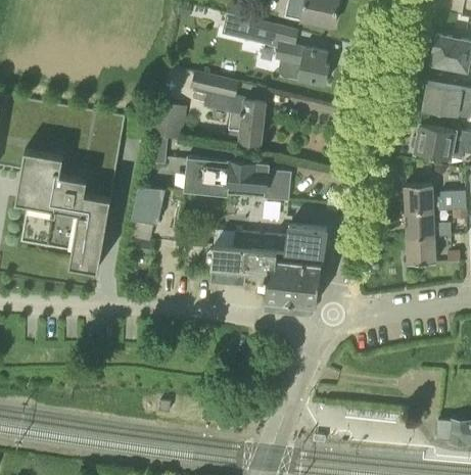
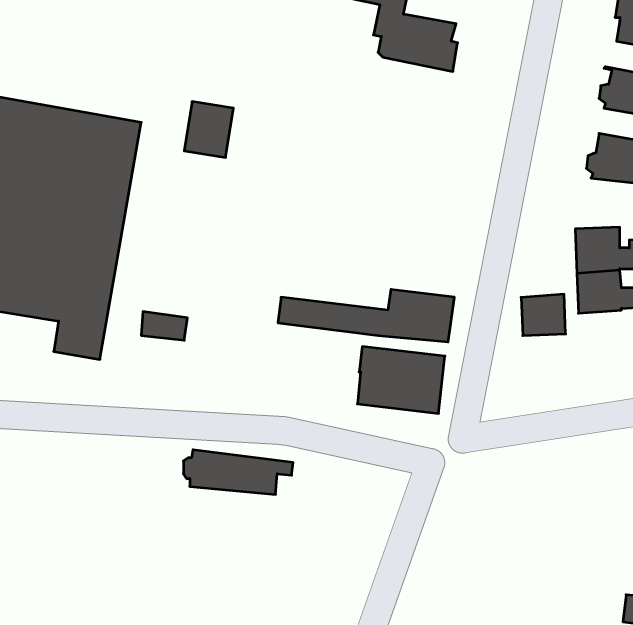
building: [191,75,265,144] -> none
building: [184,158,291,202] -> none
building: [132,183,162,225] -> none
building: [407,239,435,266] -> [521,294,566,336]
building: [207,247,278,276] -> [183,450,293,494]

